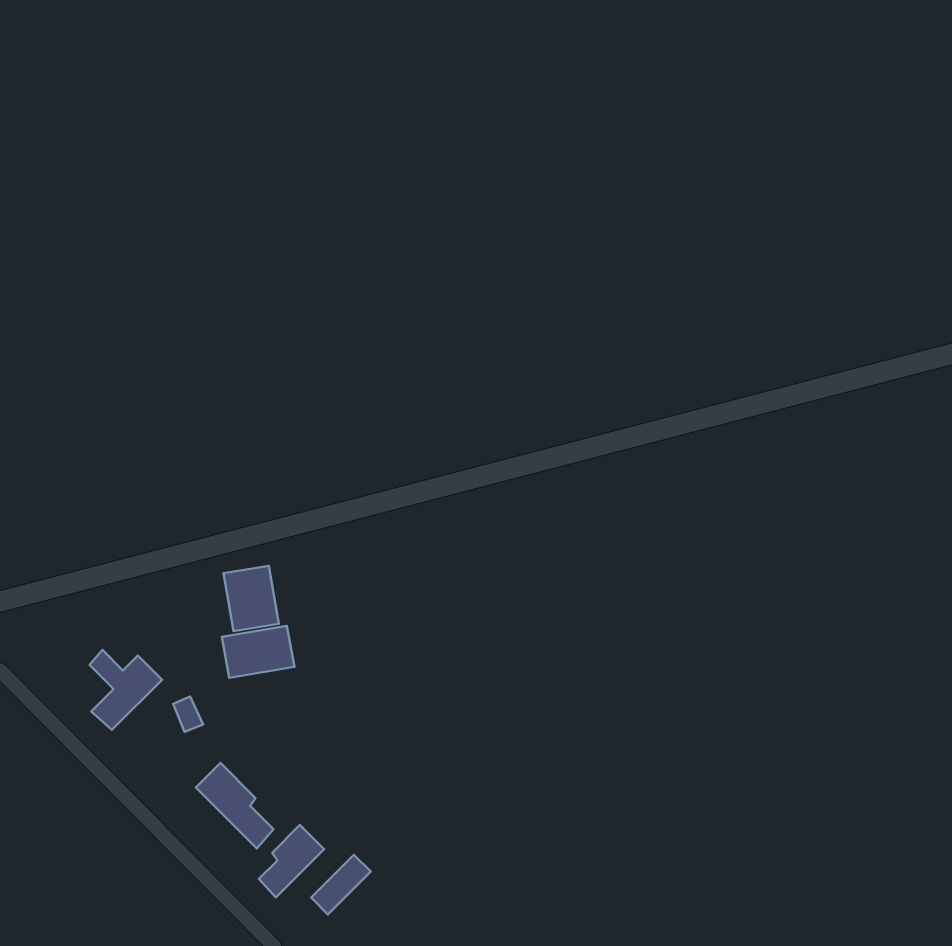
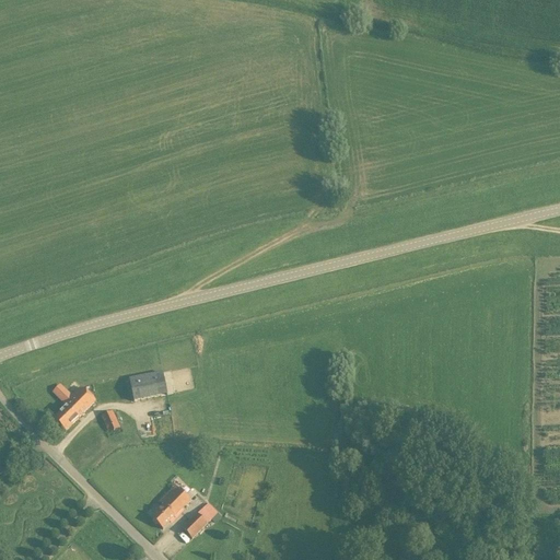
building: [223,566,279,631] -> none
building: [196,763,274,848] -> none

